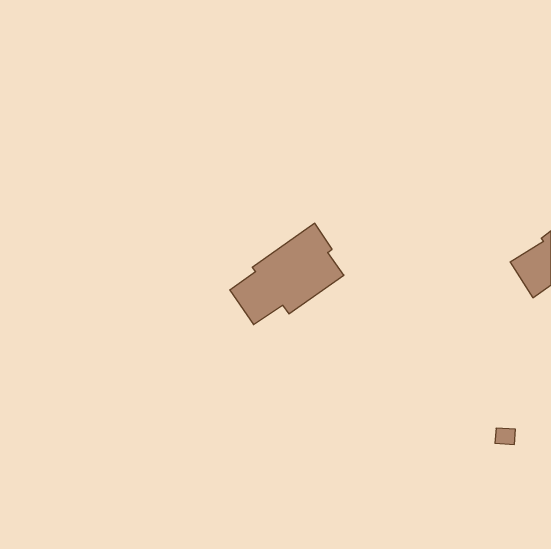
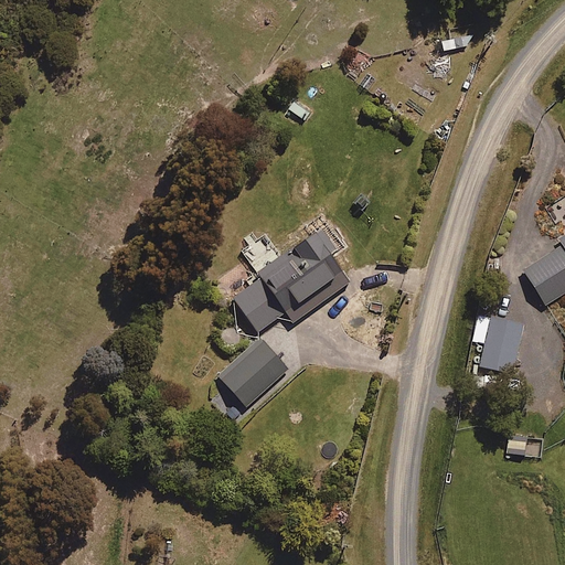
building: none -> [470,315,522,374]
building: none -> [222,340,288,405]

